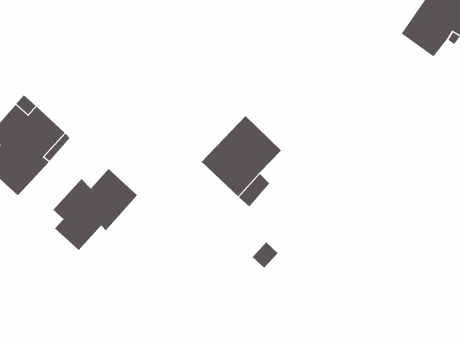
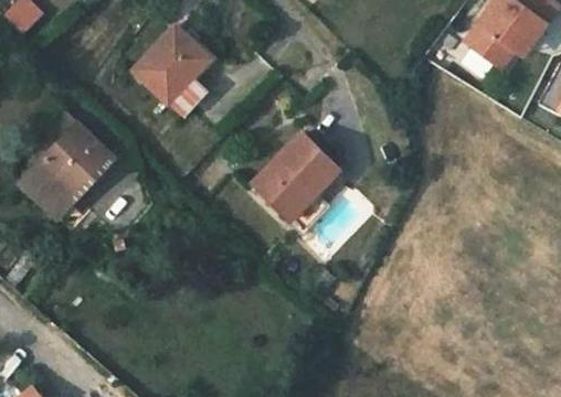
building: none -> [131,22,216,117]
building: [52,168,138,251] -> none

